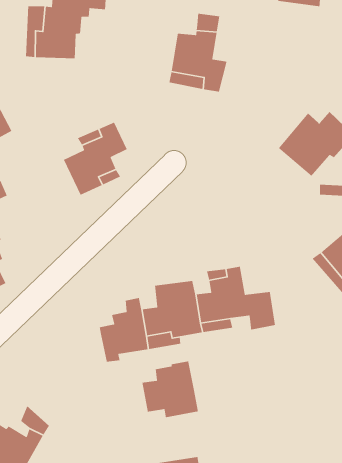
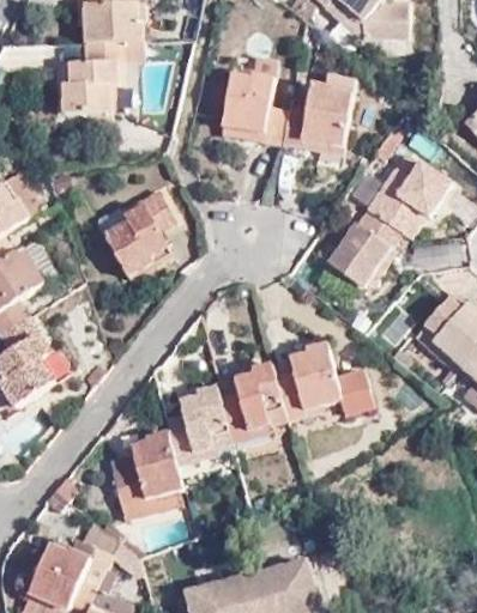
building: none -> [284,87,358,145]
building: none -> [318,201,391,287]
building: [141,360,199,418] -> [117,435,187,504]

